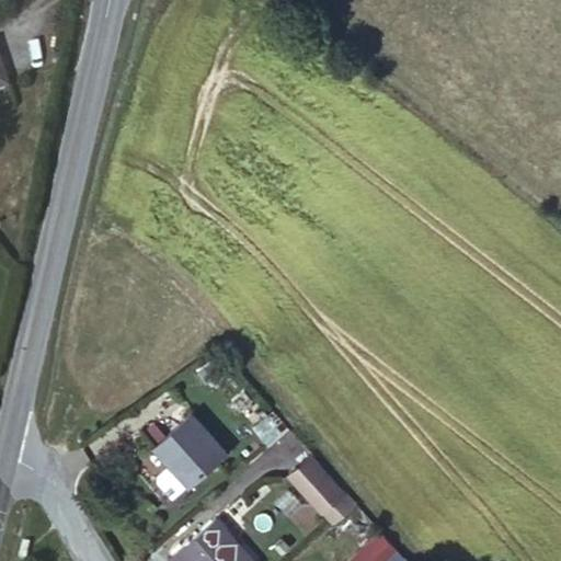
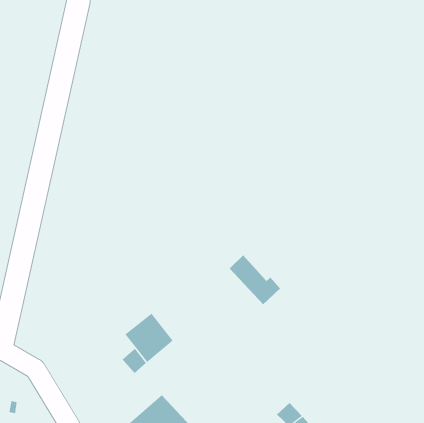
building: [288,460,356,527] -> [229,254,281,305]

